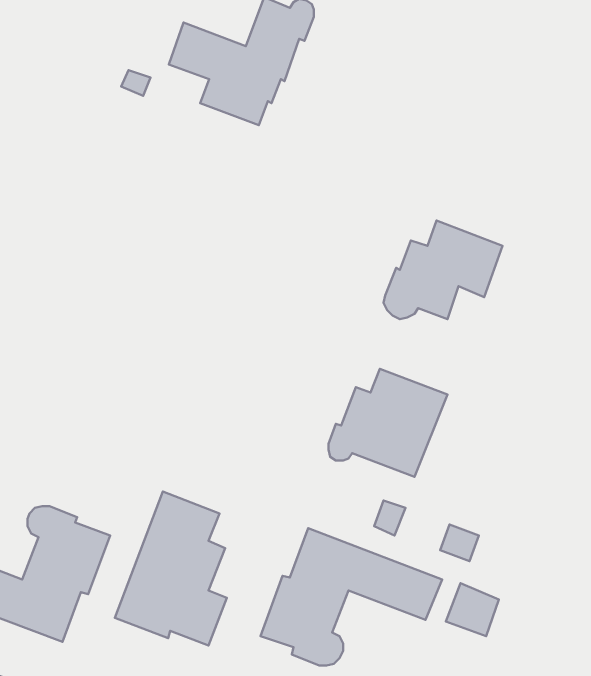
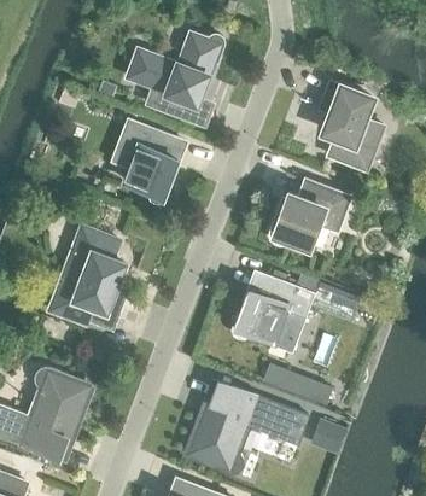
building: none -> [323,82,383,169]
building: none -> [115,121,183,203]
building: [115,491,227,645] -> [51,227,124,328]

